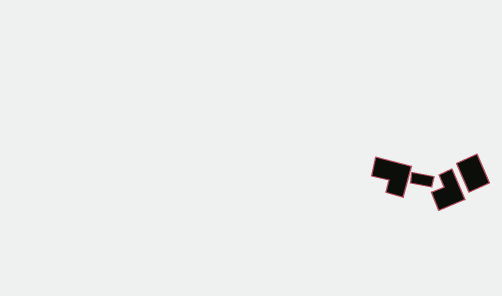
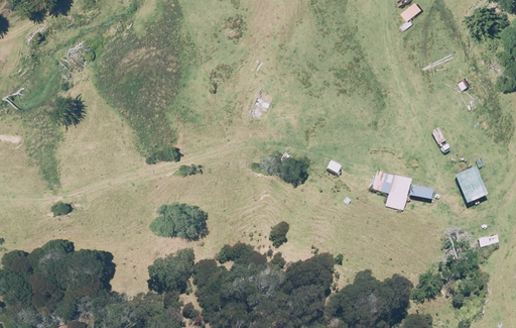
building: [432,169,465,210] -> none

